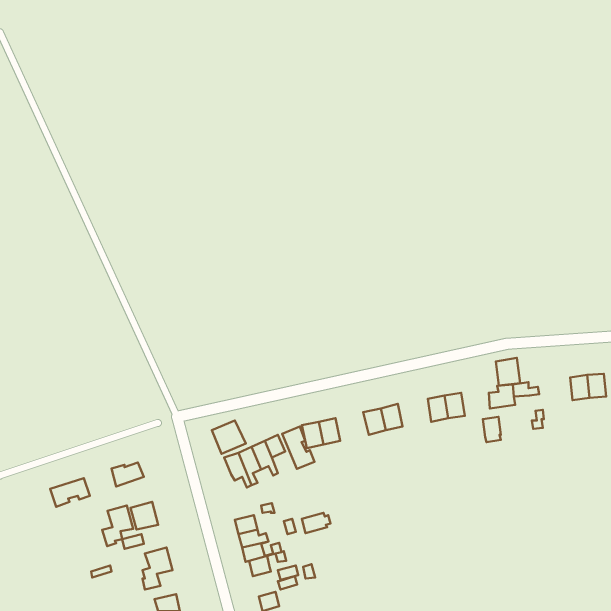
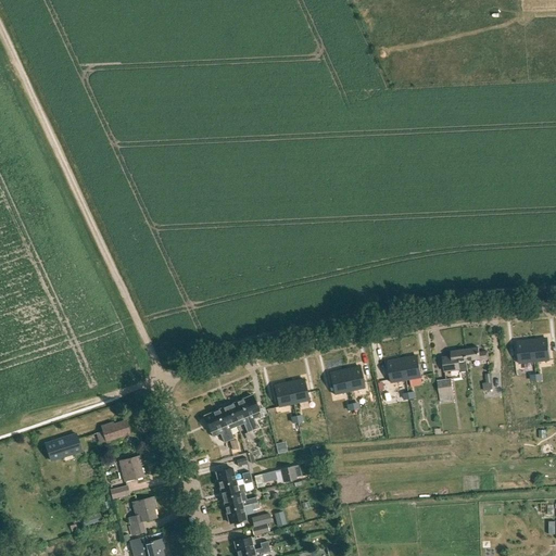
building: [496,358,520,386] -> none
building: [212,421,246,454] -> none
building: [282,427,315,469] -> none
building: [102,506,133,546] -> none

